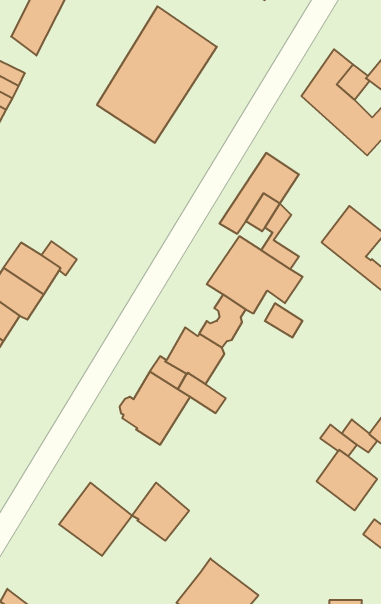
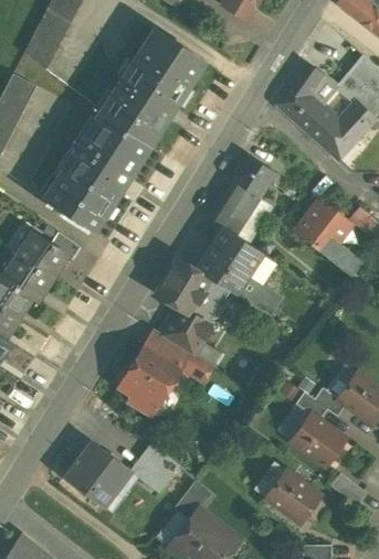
building: none -> [44,112,150,232]
building: none -> [156,258,210,314]
building: none -> [266,471,320,523]
building: none -> [175,480,212,520]

